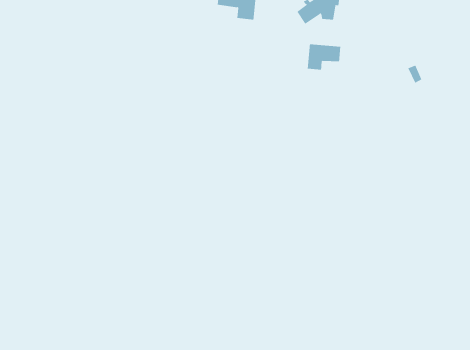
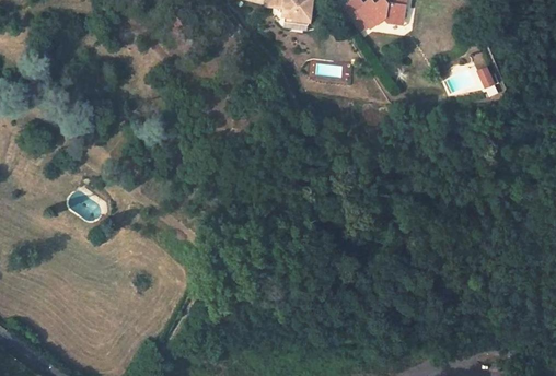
building: [307,44,341,70] -> none

